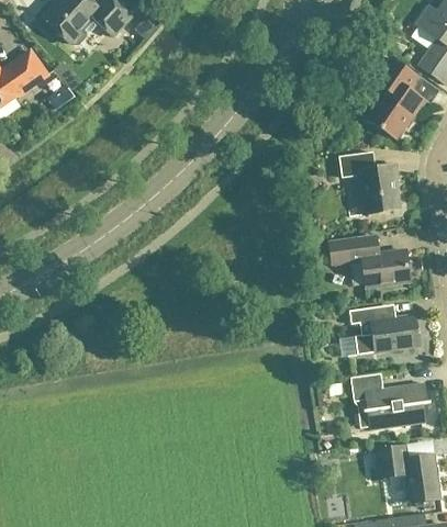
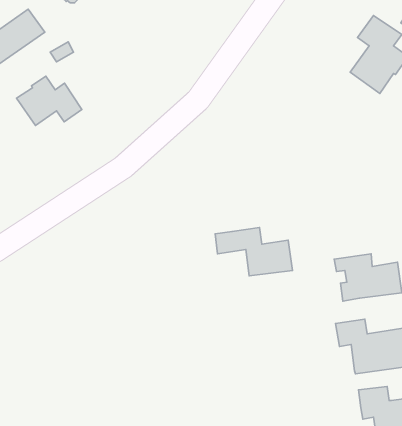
building: none -> [16,76,82,126]
building: [339,150,401,213] -> none
building: [331,235,411,285] -> [215,227,292,276]

